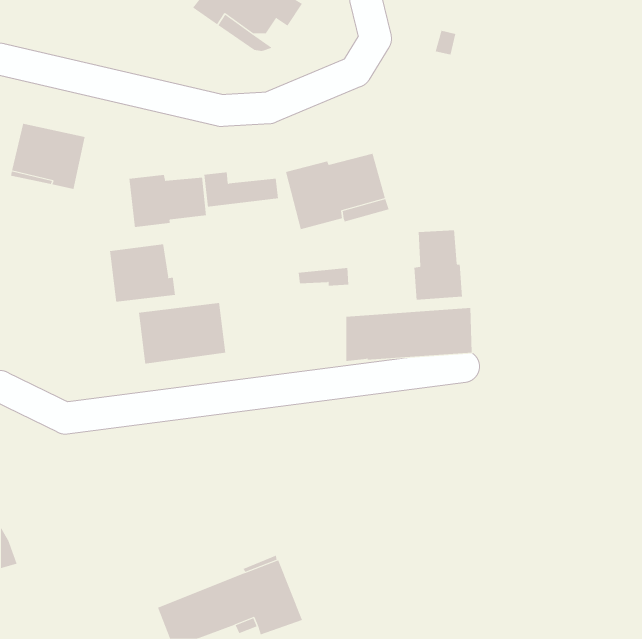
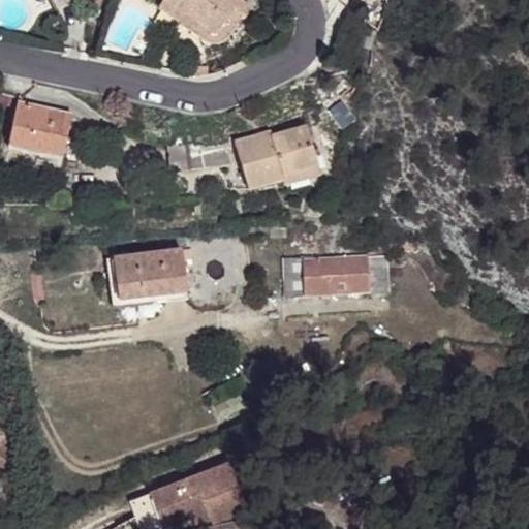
building: [129,174,207,228] -> none
building: [414,230,463,301] -> none
building: [109,243,176,303] -> none

